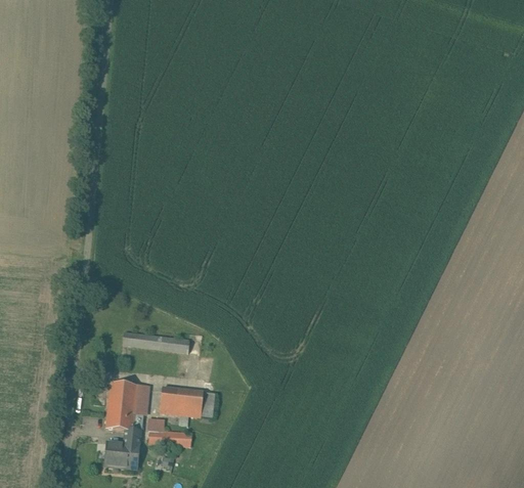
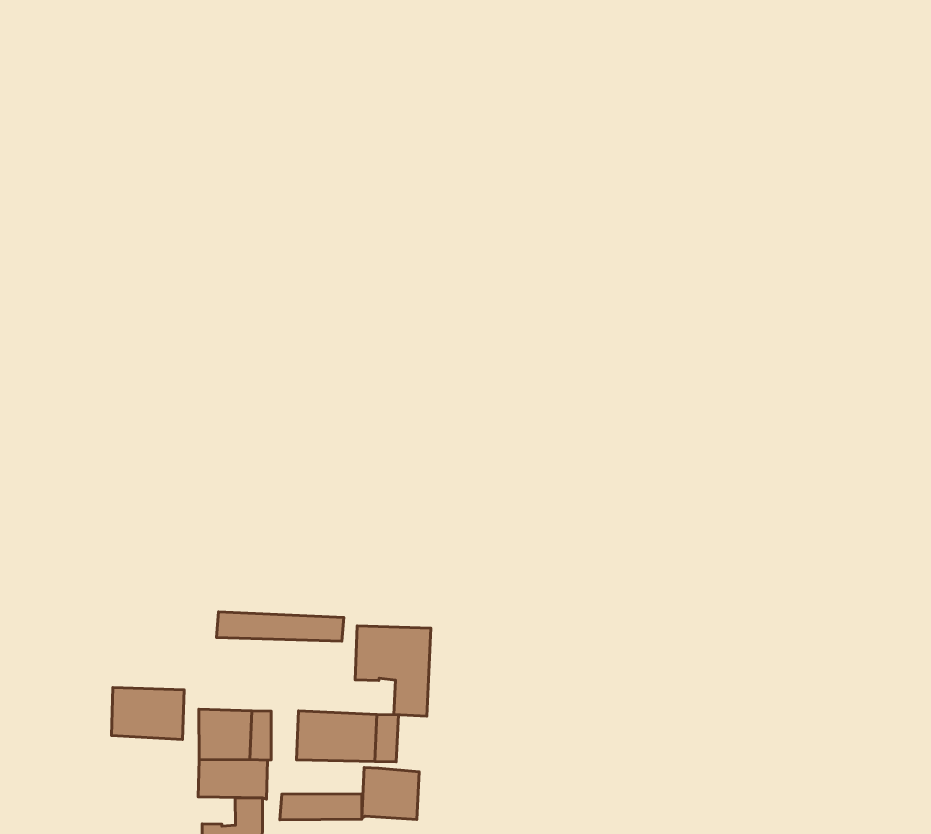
building: none -> [355,626,431,716]
building: none -> [111,688,184,740]
building: none -> [362,768,419,820]

